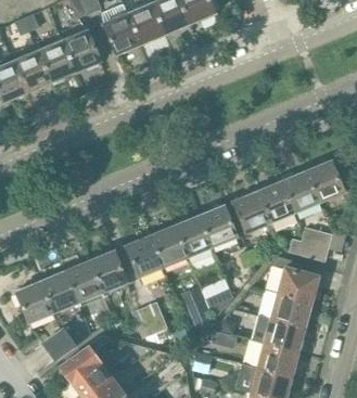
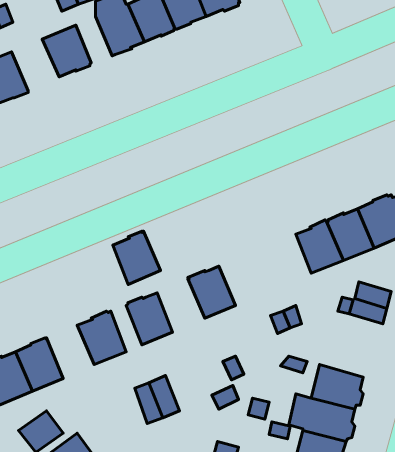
building: [37,40,74,80] -> none
building: [233,191,269,232] -> none
building: [197,205,235,246] -> none
building: [150,226,187,267] -> [113,231,160,285]
building: [271,257,317,301] -> none
building: [64,261,101,303] -> none

